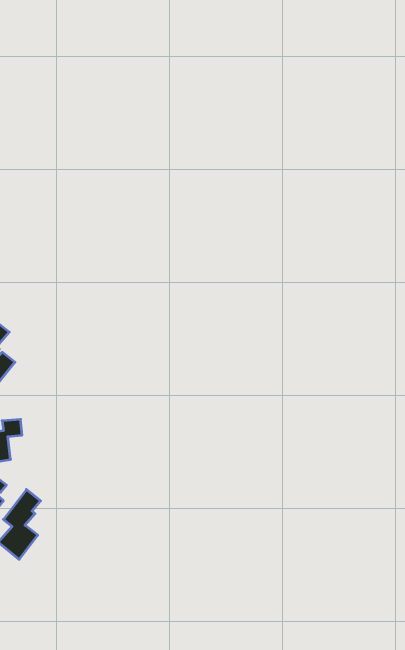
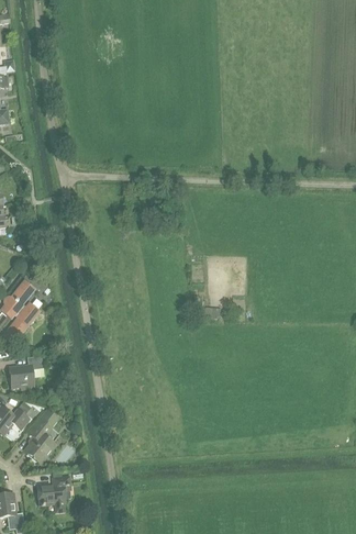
building: none -> [37,469,70,511]

